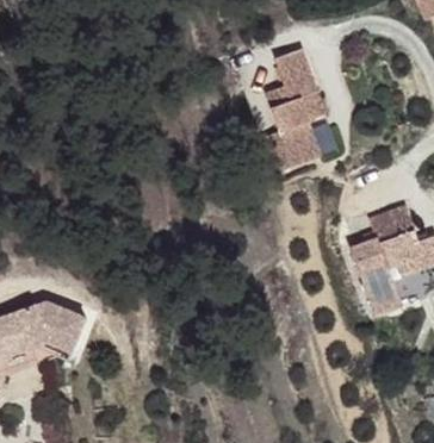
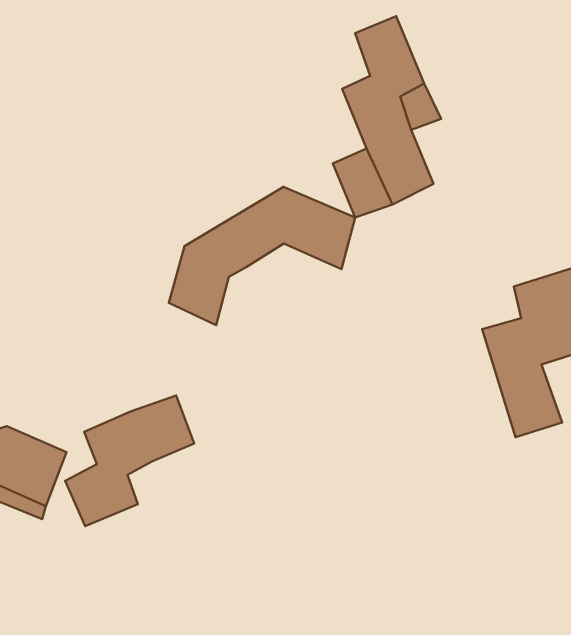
building: none -> [169,187,355,325]
building: none -> [65,395,194,526]

